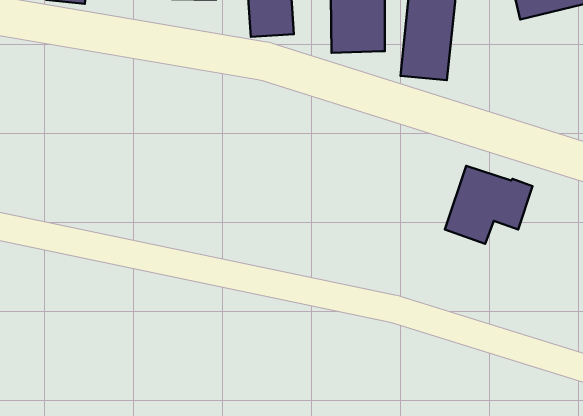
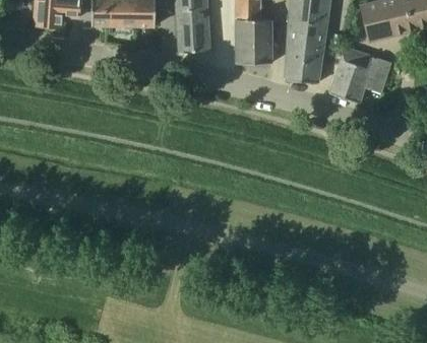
building: [445,166,533,244] -> [329,48,391,102]

